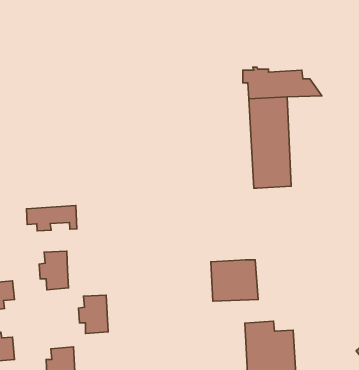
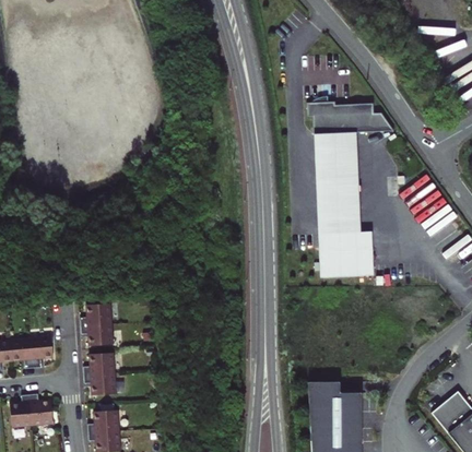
building: [26,205,77,231] -> none
building: [211,260,258,301] -> [321,231,374,277]
building: [79,295,108,334] -> [83,353,116,395]

